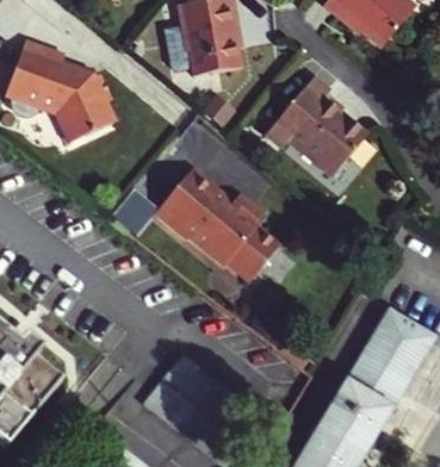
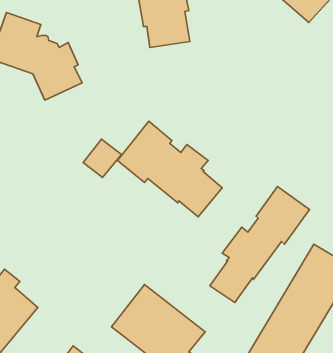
building: [269,74,372,174] -> none
building: none -> [210,187,310,303]

